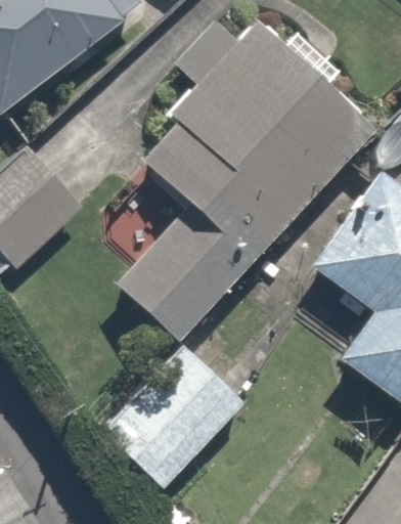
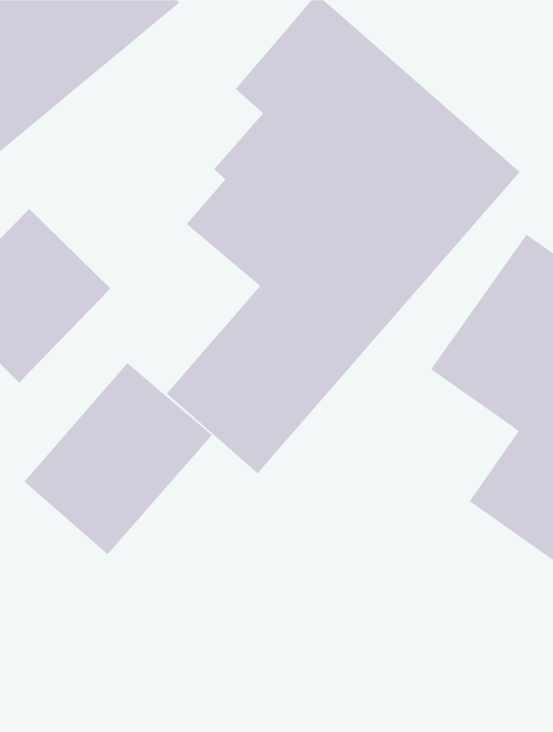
building: none -> [23,362,213,555]
building: [108,347,253,494] -> none

